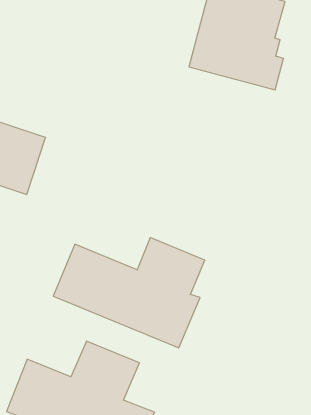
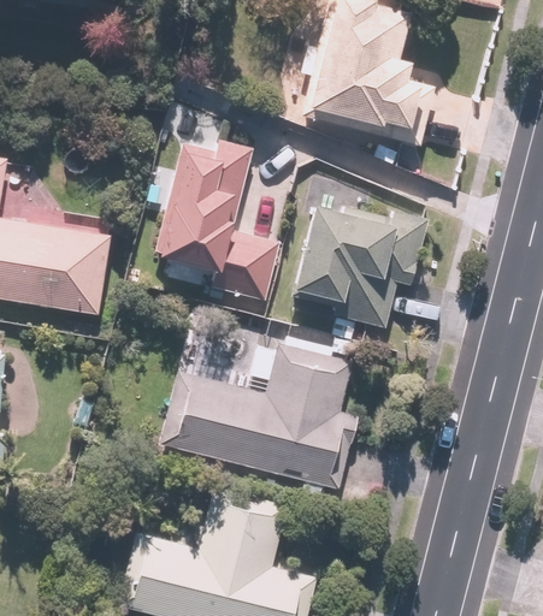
building: none -> [143,128,278,298]
building: none -> [295,205,426,330]

